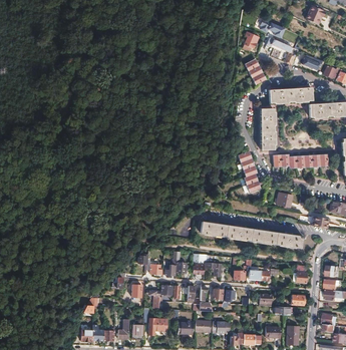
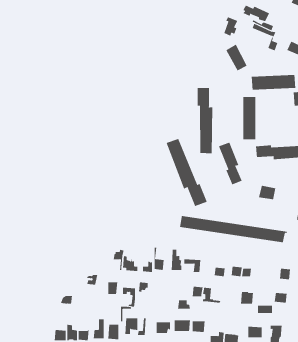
building: none -> [197,87,213,154]
building: none -> [166,138,207,207]

